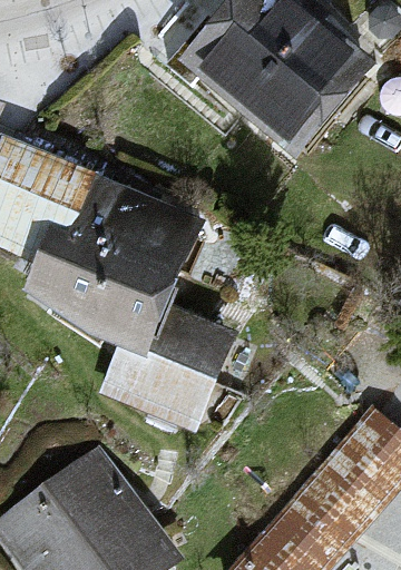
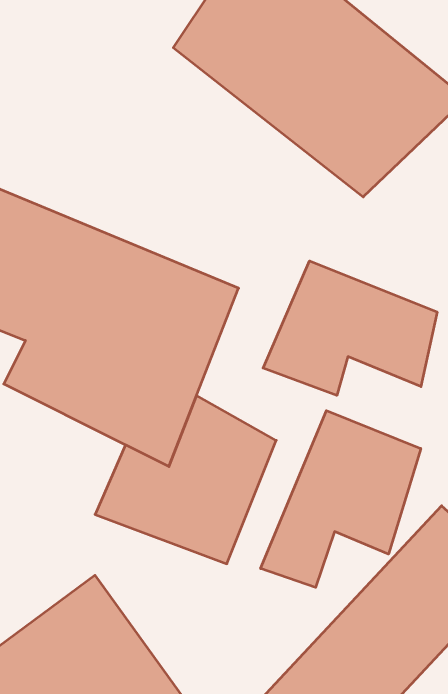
building: none -> [263,261,437,395]
building: none -> [261,411,421,587]

